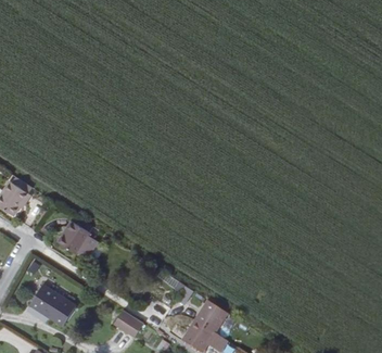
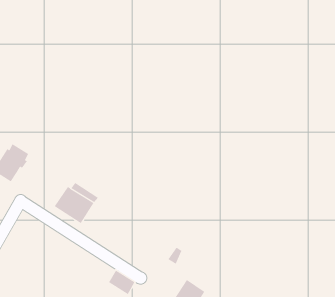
building: [28,285,75,326] -> none
building: [196,300,228,332] -> none

